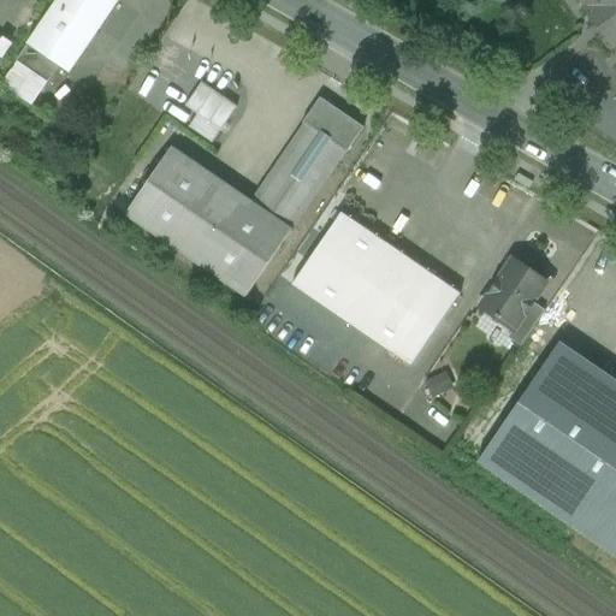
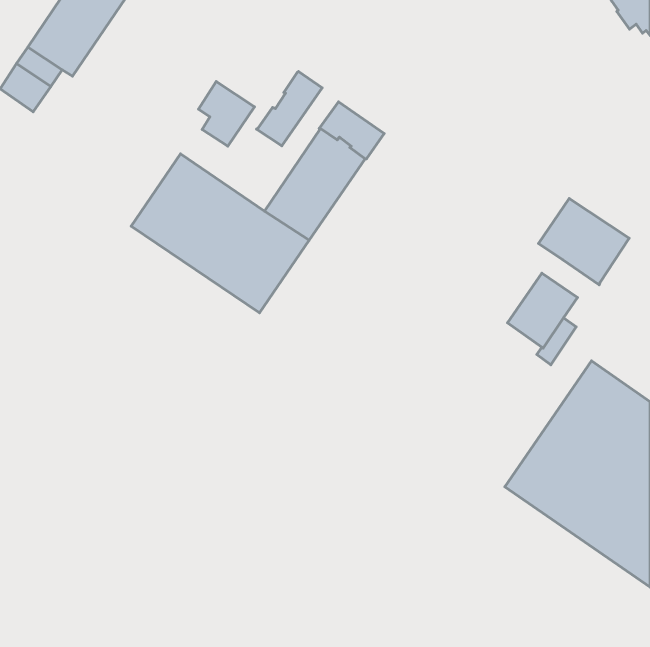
building: none -> [257,72,322,146]
building: none -> [538,198,629,285]
building: [292,212,461,365] -> none

